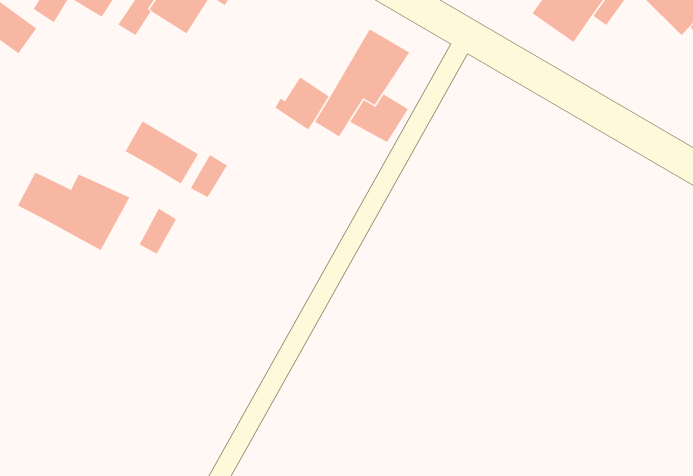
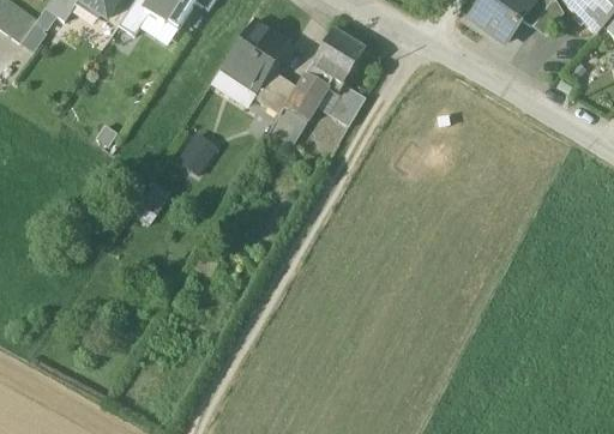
building: none -> [222,17,290,89]
building: [125,121,199,184] -> none
building: none -> [270,107,306,144]
building: [17,172,130,251] -> none

